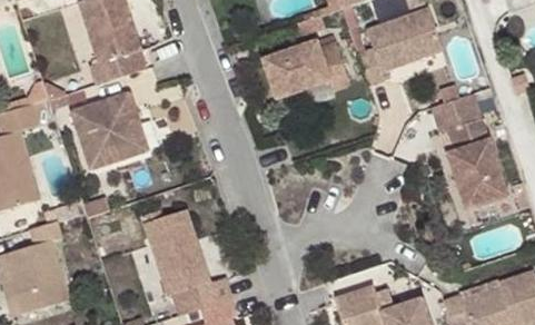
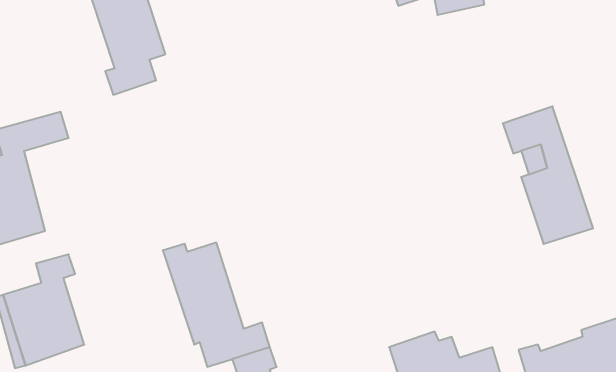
building: [355,8,440,86] -> none
building: [259,40,347,99] -> none
building: [76,90,152,167] -> none

